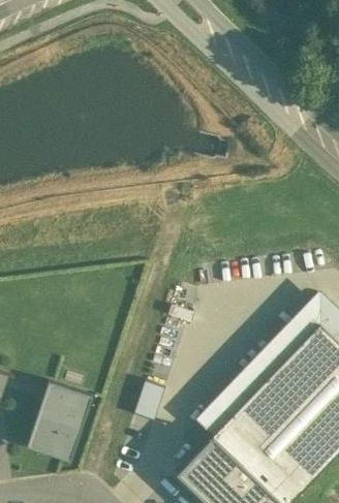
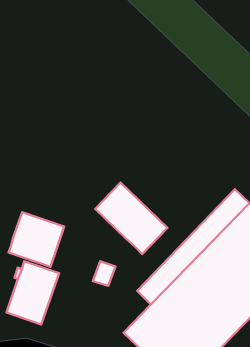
building: none -> [95,182,167,254]
building: none -> [8,212,64,267]

